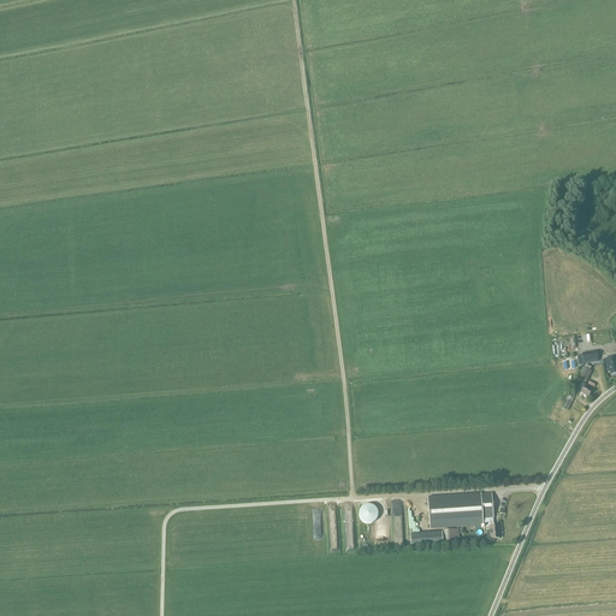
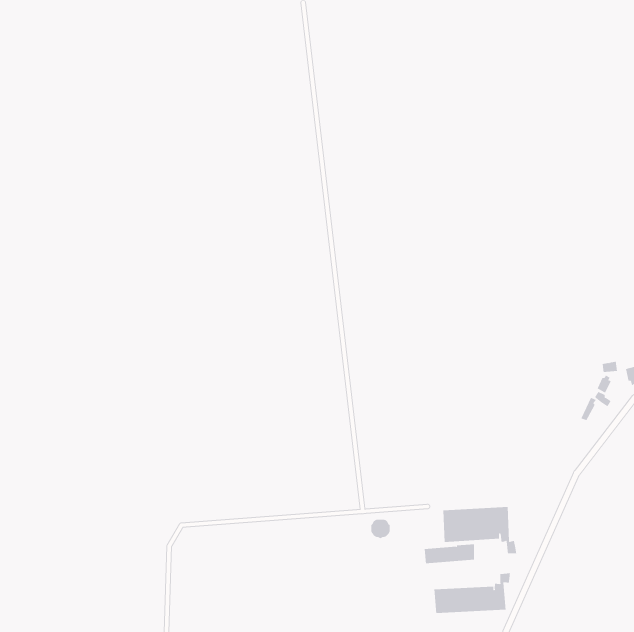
building: none -> [434,573,510,614]

